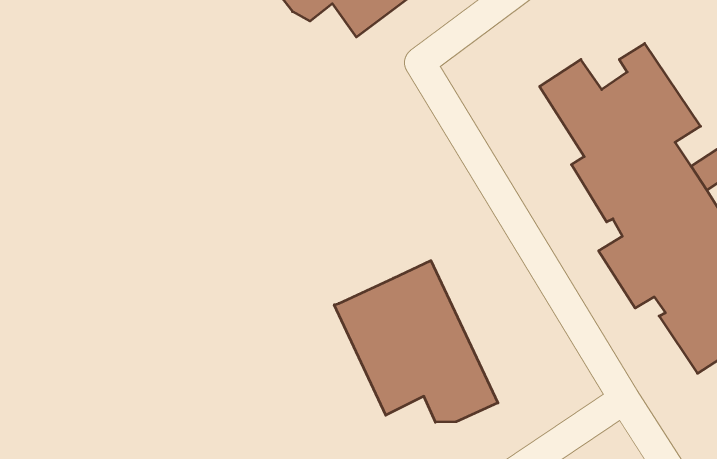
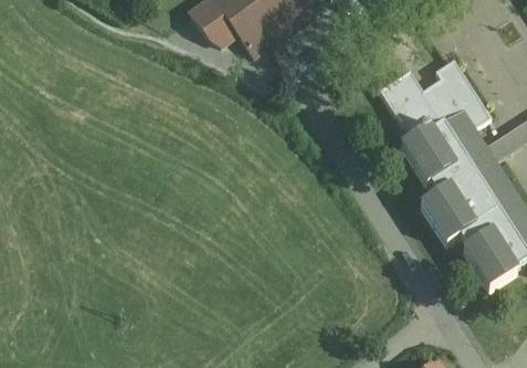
building: [334,261,498,422] -> none

